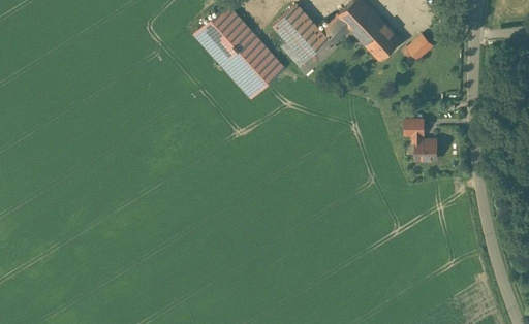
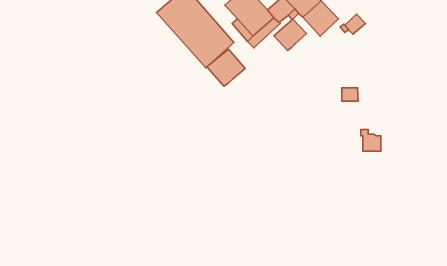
building: none -> [274,19,306,50]
building: none -> [207,49,245,86]
building: [413,135,436,160] -> [361,129,381,151]

